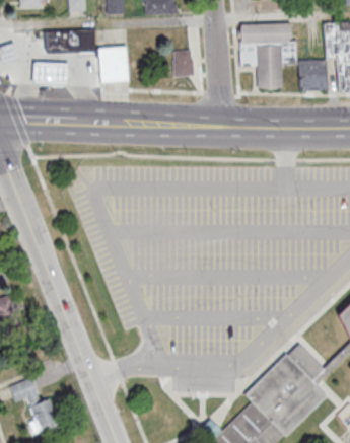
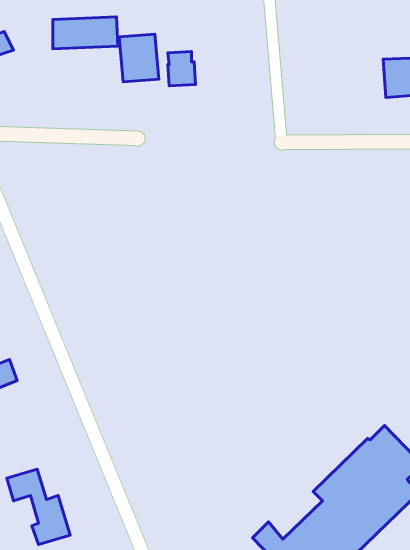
building: [237,25,296,91] -> none
building: [172,49,194,75] -> [168,51,196,86]
building: [28,61,64,83] -> none

